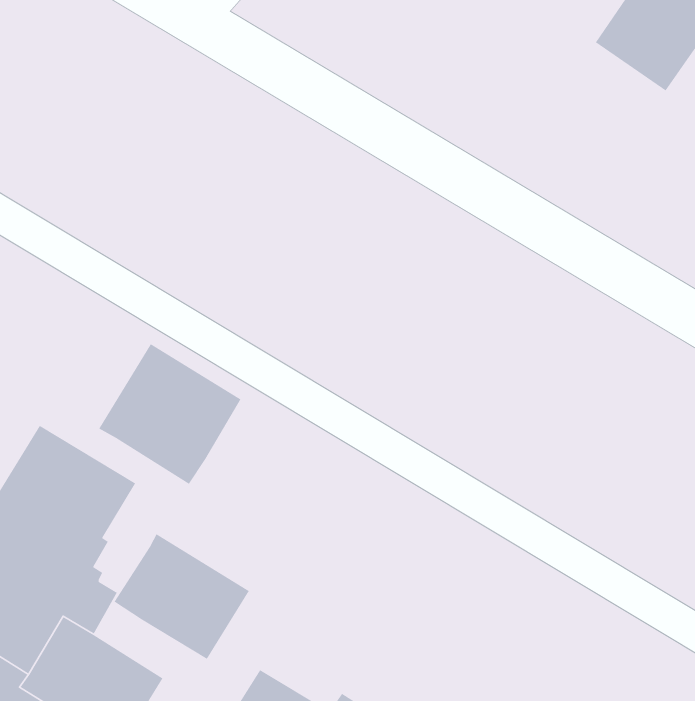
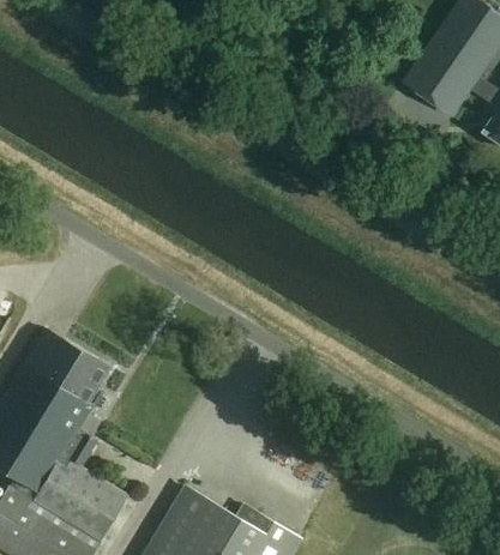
building: [98,343,242,485] -> none
building: [113,533,250,660] -> none

